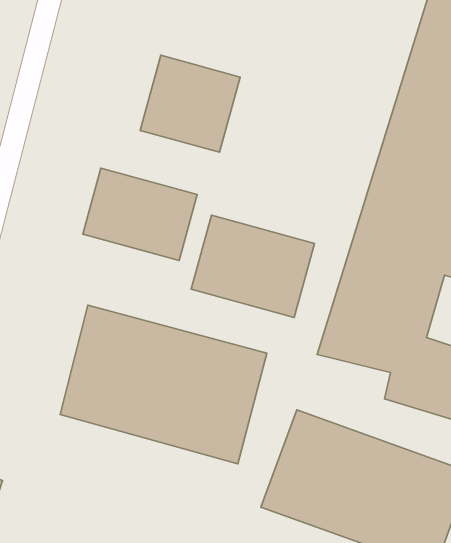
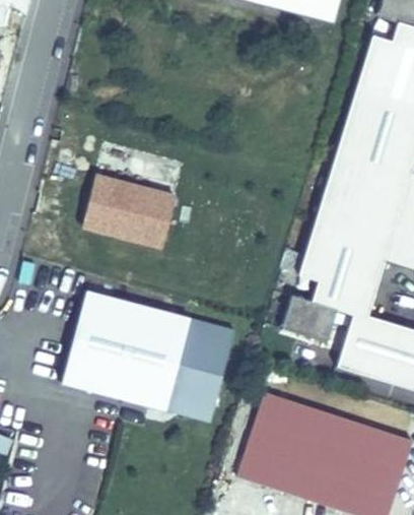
building: [140,55,240,152] -> none
building: [191,215,315,318] -> none

